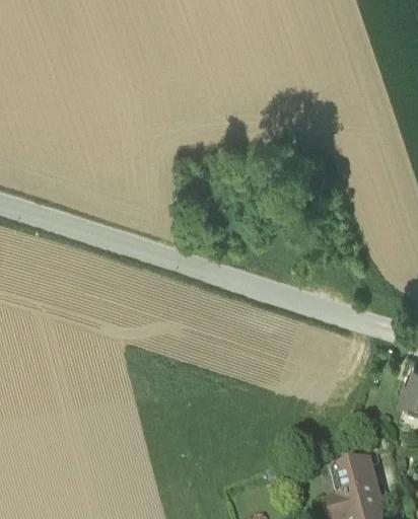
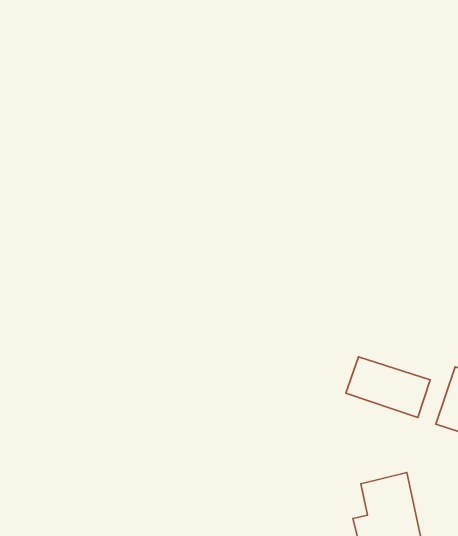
building: none -> [346,357,430,418]

